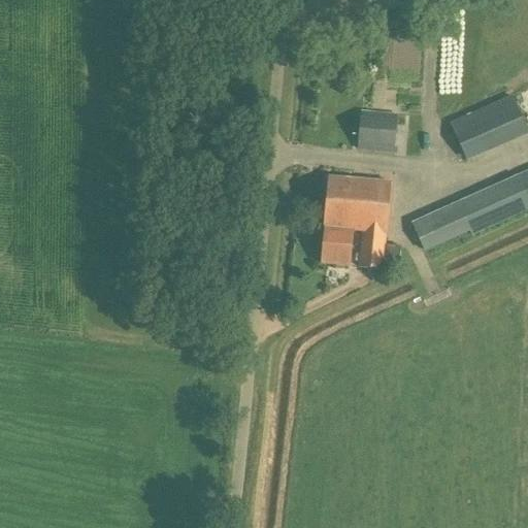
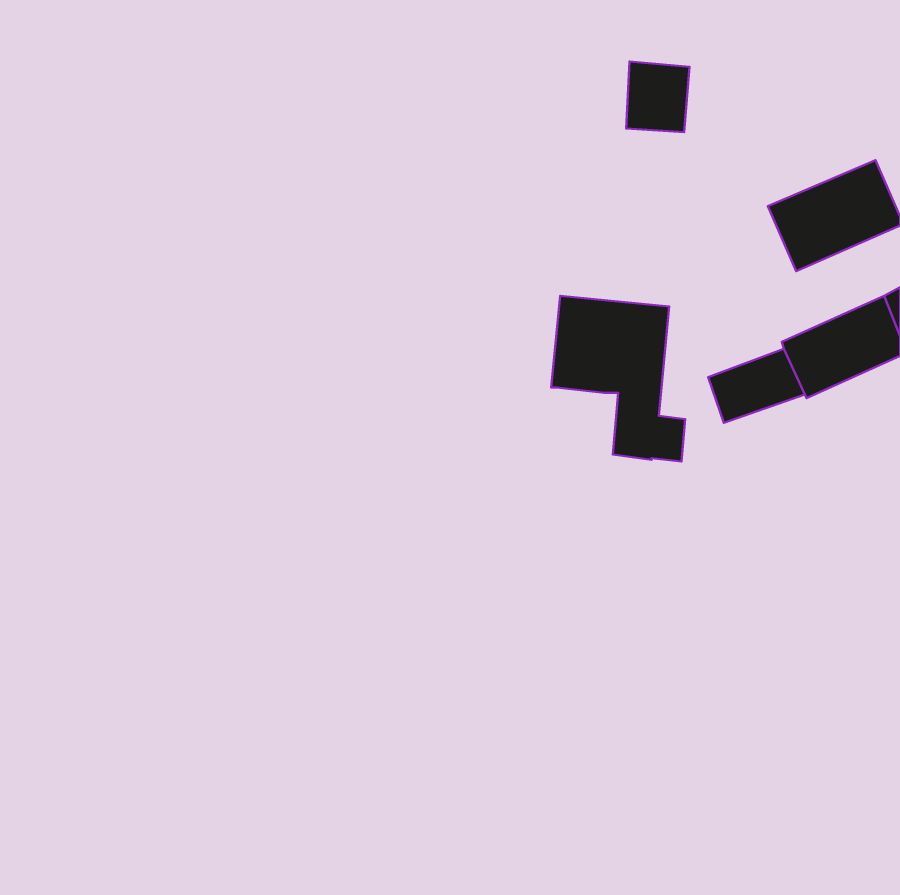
building: [360,108,397,150] -> [626,62,689,132]
building: [322,227,354,264] -> none

